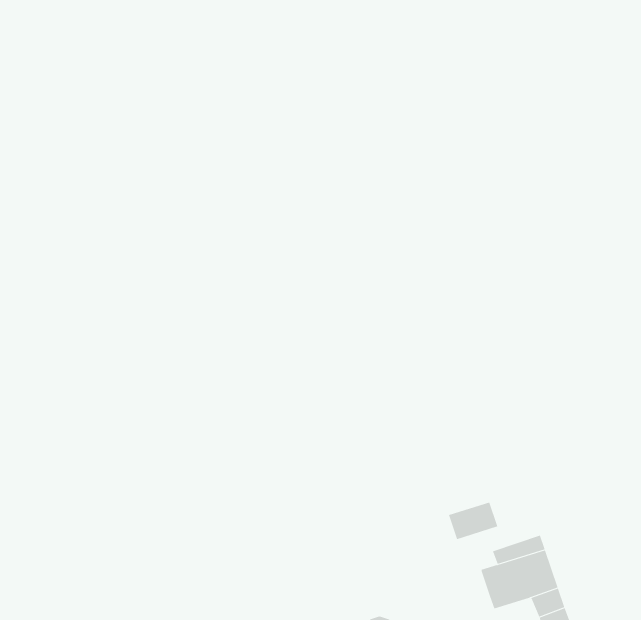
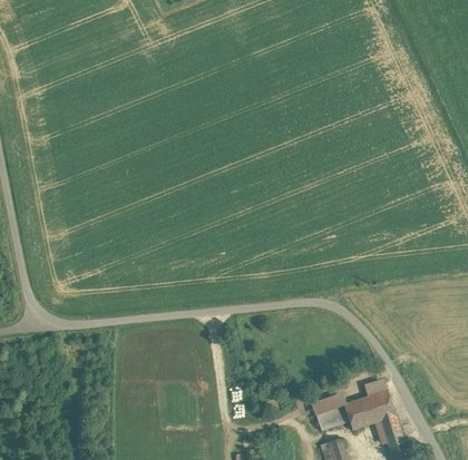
building: [448,502,498,540] -> [314,404,348,430]

